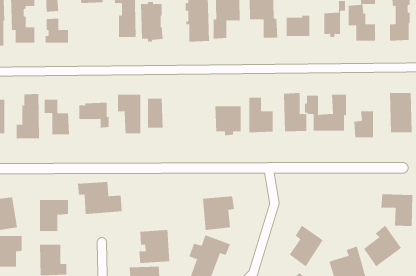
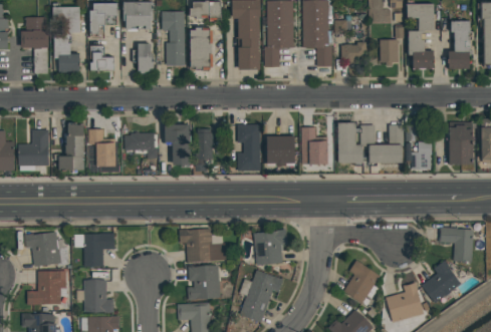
building: none -> [132,43,154,74]
building: none -> [236,124,260,172]
building: [77,182,123,214] -> [179,229,226,263]

